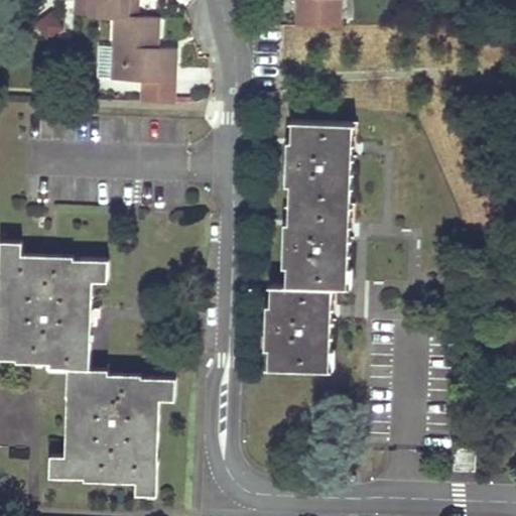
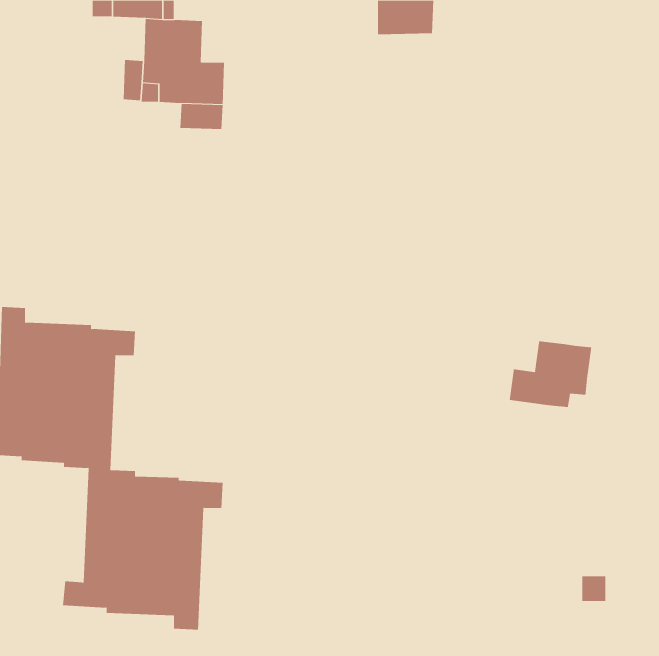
building: [265,123,352,372] -> none
building: none -> [509,340,592,408]

